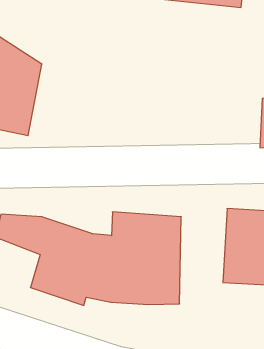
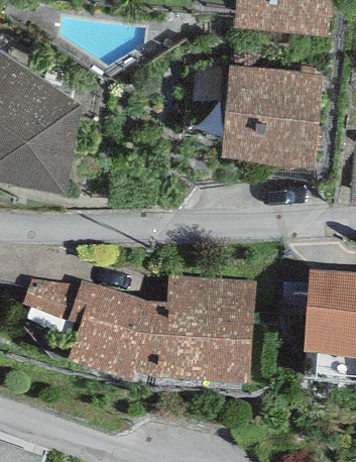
building: none -> [222,57,323,150]

